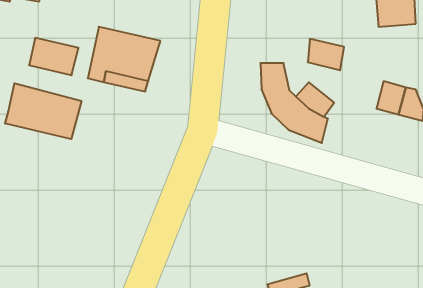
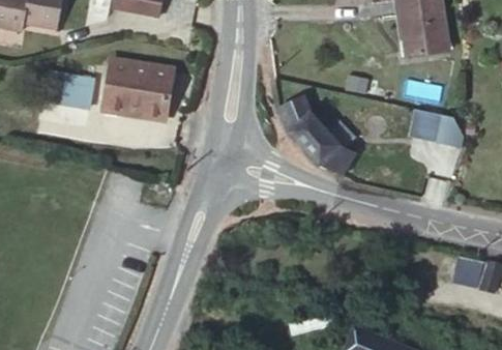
building: [5,83,81,139] -> none

